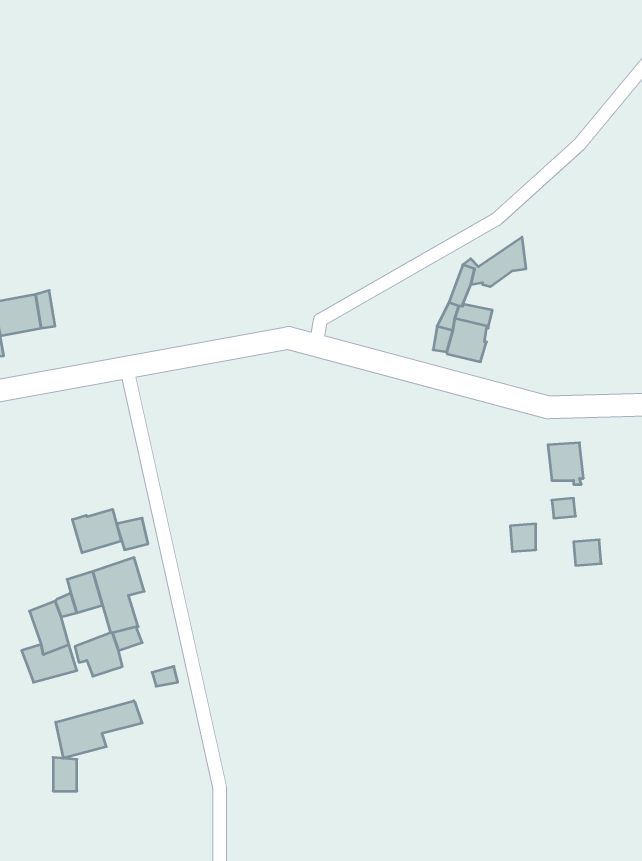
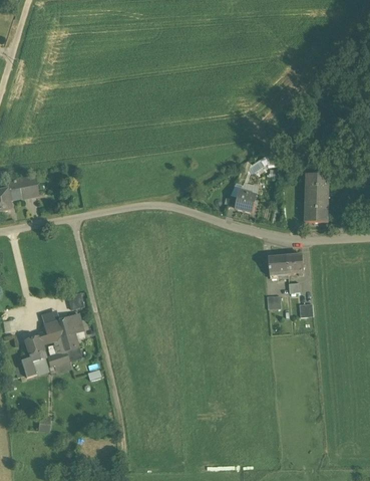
building: none -> [304,174,329,222]
building: none -> [268,255,288,276]
building: [72,509,121,553] -> none
building: [56,701,142,758] -> none

